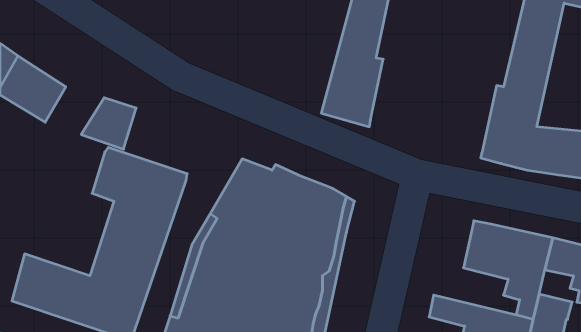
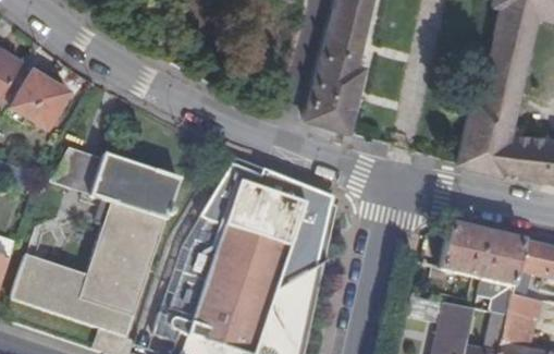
building: [81,98,136,149] -> [48,146,100,195]

